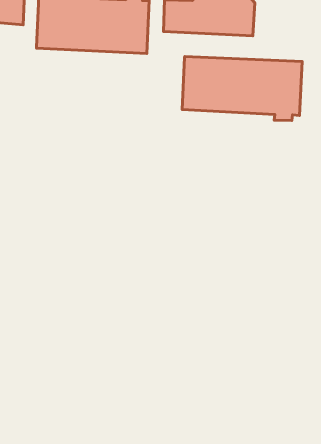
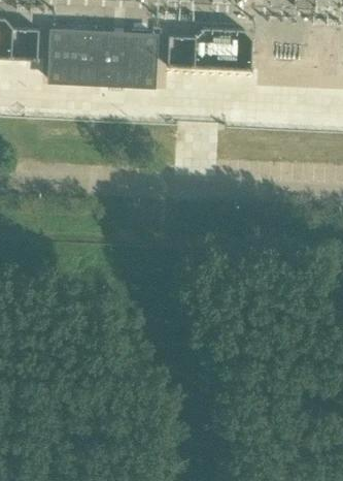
building: [182,56,302,121] -> none

